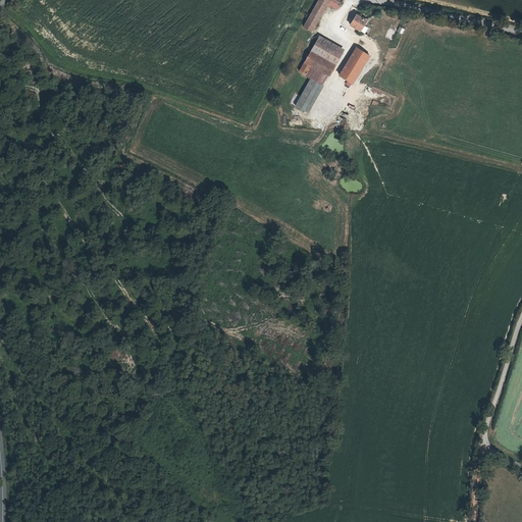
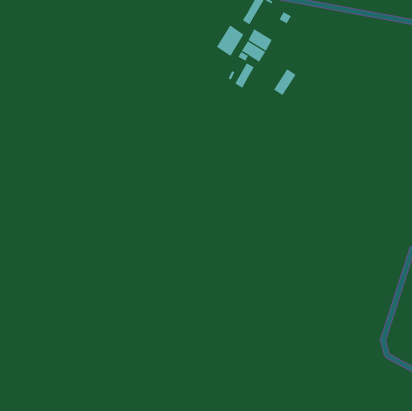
building: none -> [216,25,244,57]
building: [341,48,370,83] -> [273,68,297,96]

